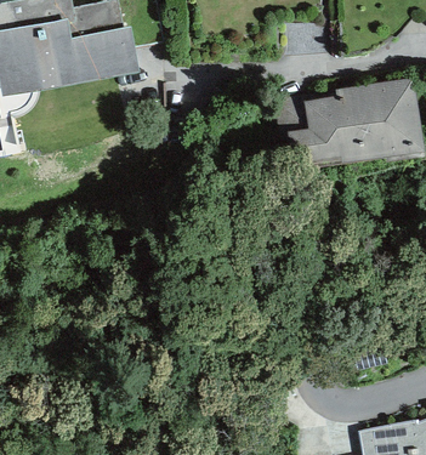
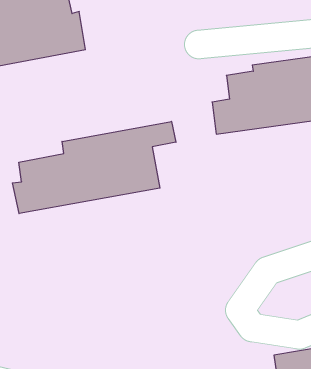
building: none -> [12,121,176,214]

